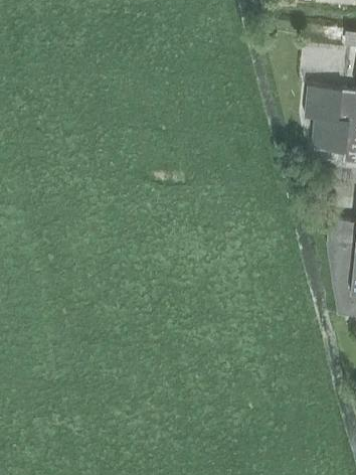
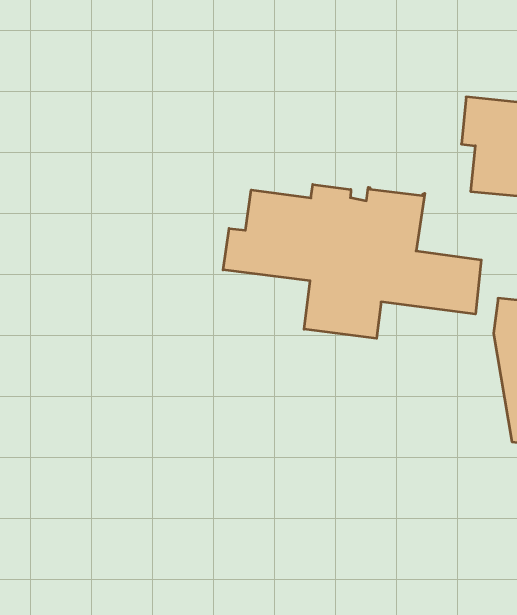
building: none -> [223,184,481,338]

